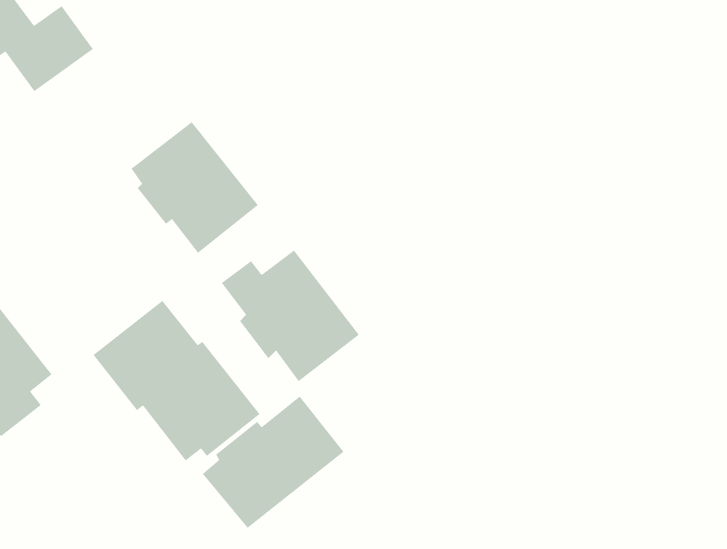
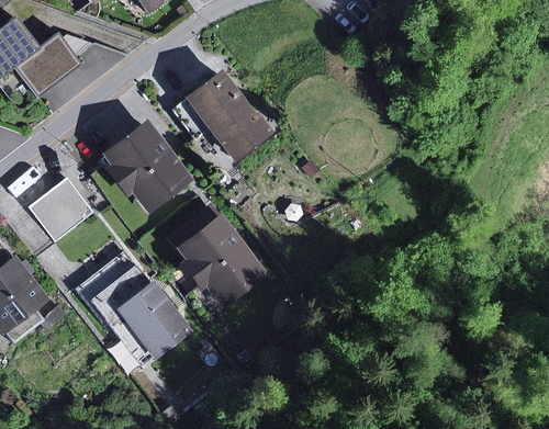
building: none -> [176,67,270,157]
building: none -> [25,180,89,242]
building: [202,395,345,529] -> none

